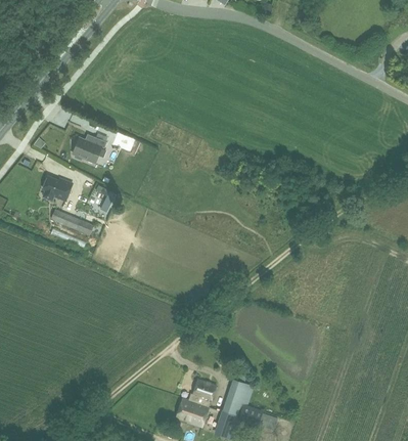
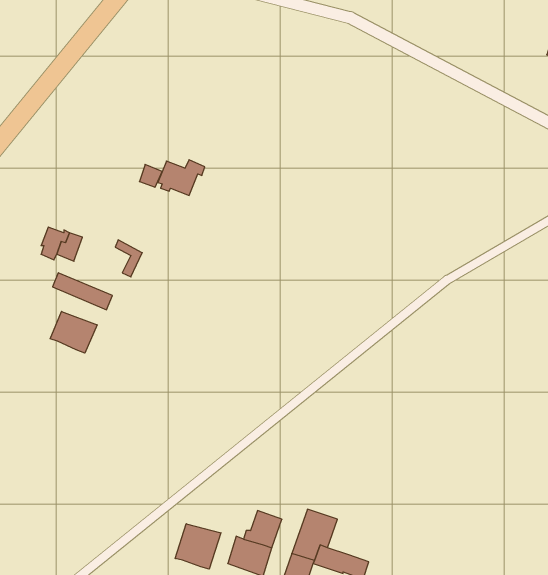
building: [72,137,105,163] -> [158,160,205,195]
building: none -> [50,311,97,353]
building: none -> [175,524,221,569]

